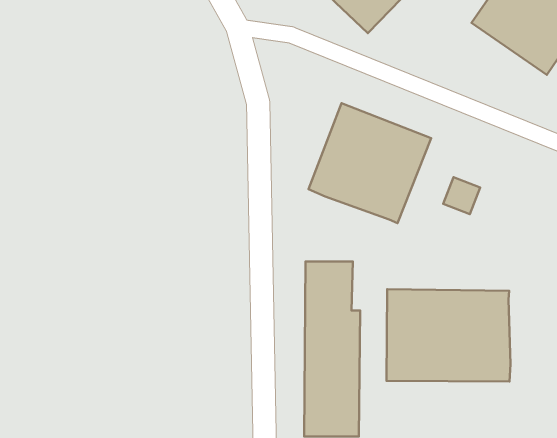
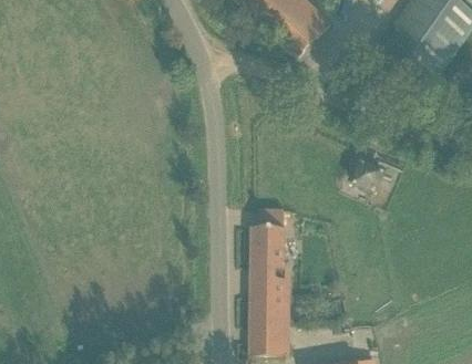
building: [308,103,431,223] -> none
building: [386,289,511,382] -> none

